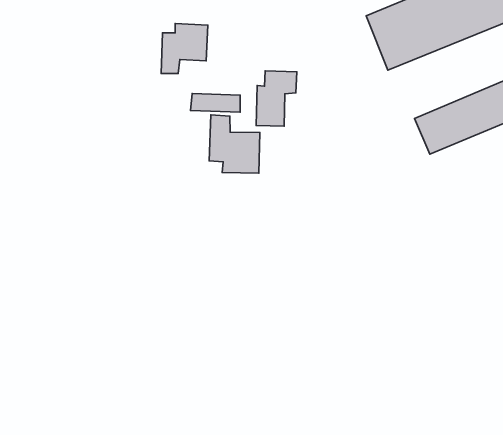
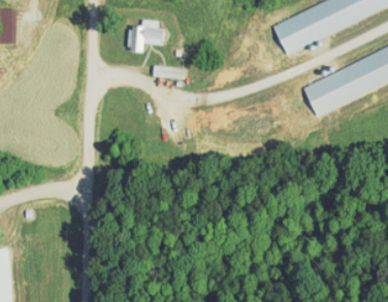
building: [256,71,297,126] -> none
building: [209,115,260,173] -> none

